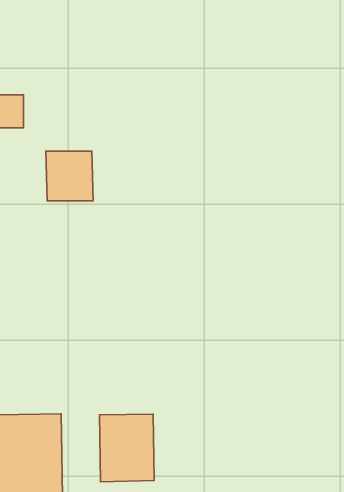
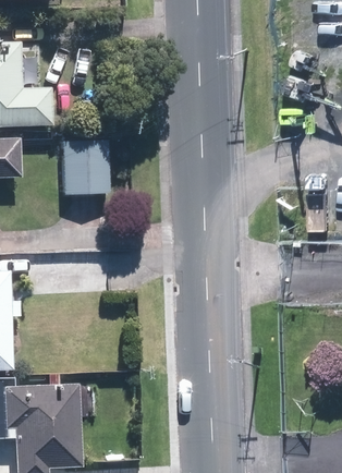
building: [99,414,154,482] -> none

